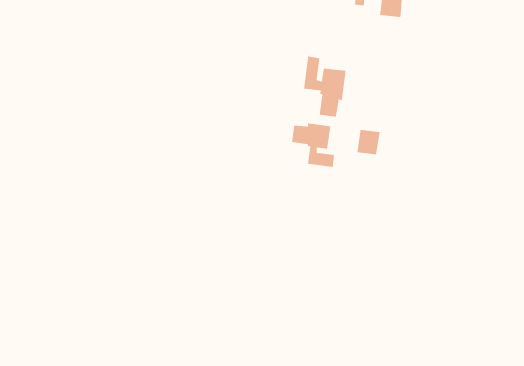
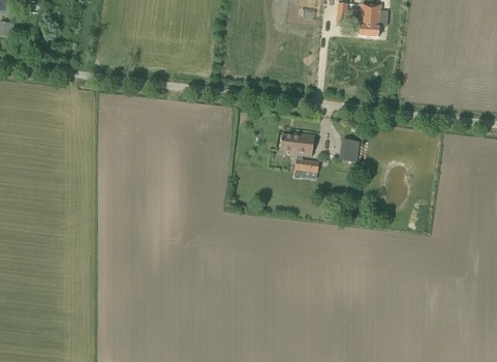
building: [303,55,346,117] -> none

